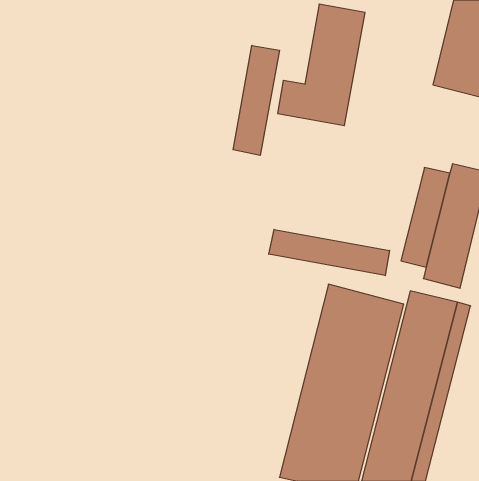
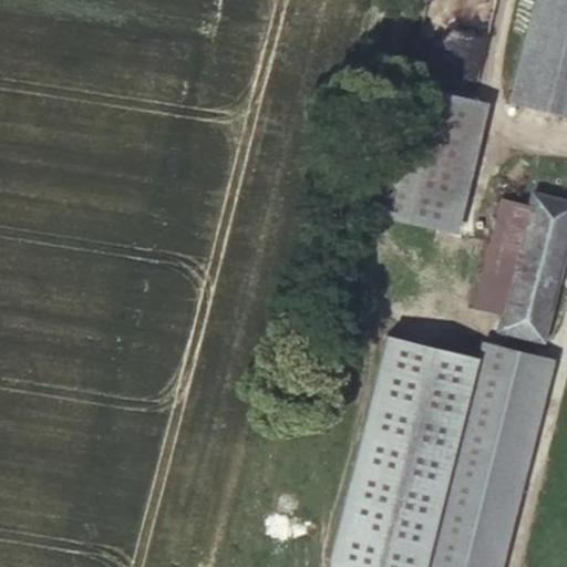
building: [278,4,365,126] -> [384,97,487,240]
building: [233,45,279,155] -> none
building: [269,229,390,276] -> none

